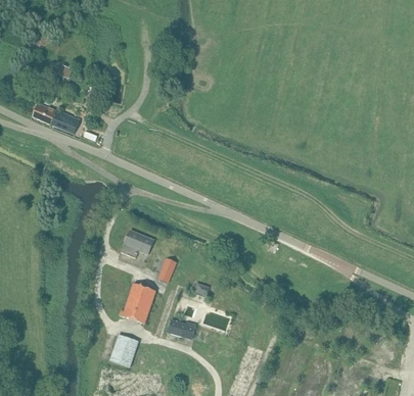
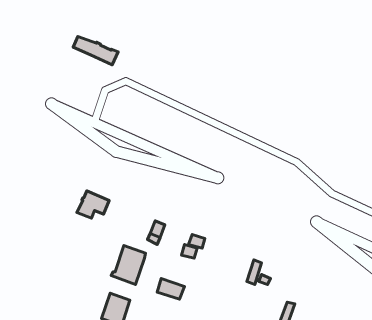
building: [33,103,80,133] -> [73,36,118,65]
building: [121,229,154,257] -> [77,191,109,218]

